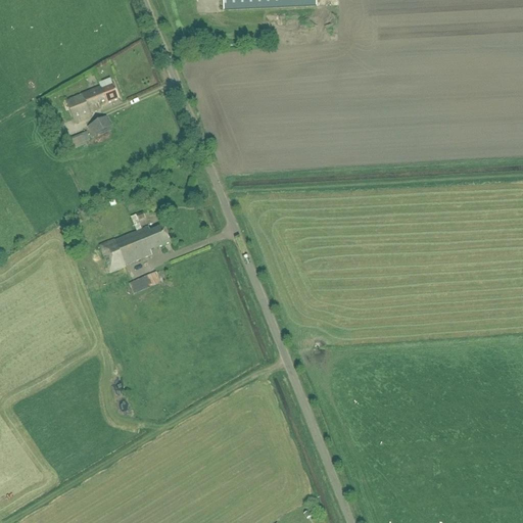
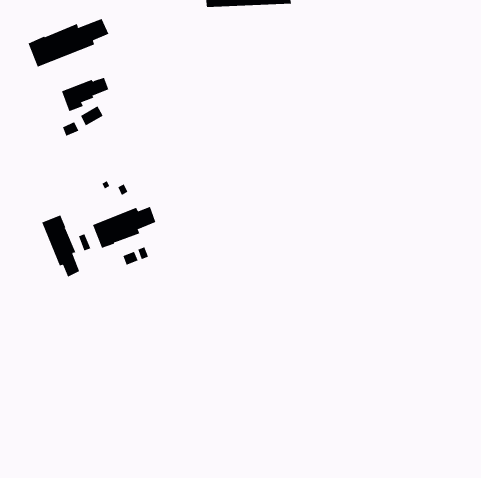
building: none -> [28,18,109,67]
building: none -> [42,215,80,277]

